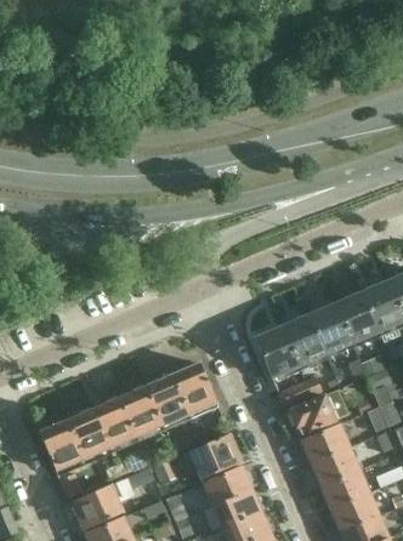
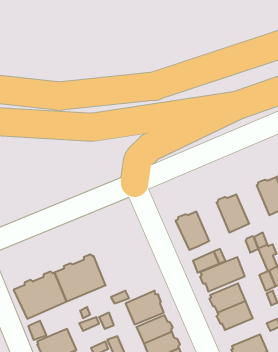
building: [336,292,380,343] -> none
building: [283,315,327,366] -> none
building: [146,361,217,426] -> none
building: [320,469,368,507] -> none

